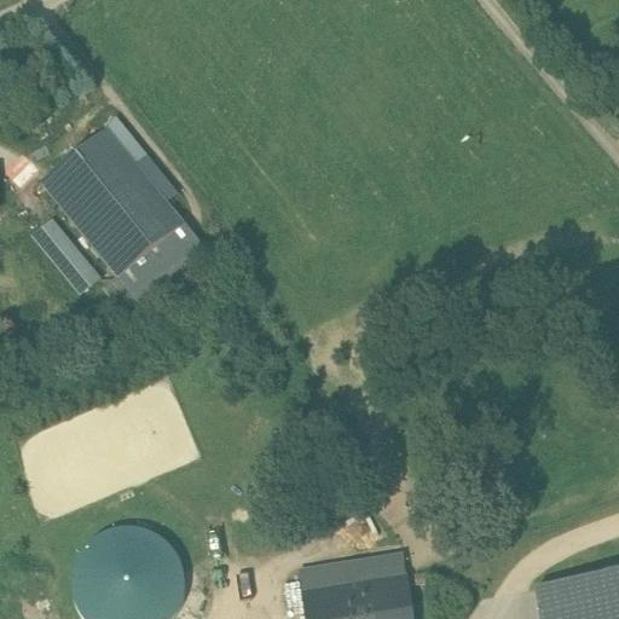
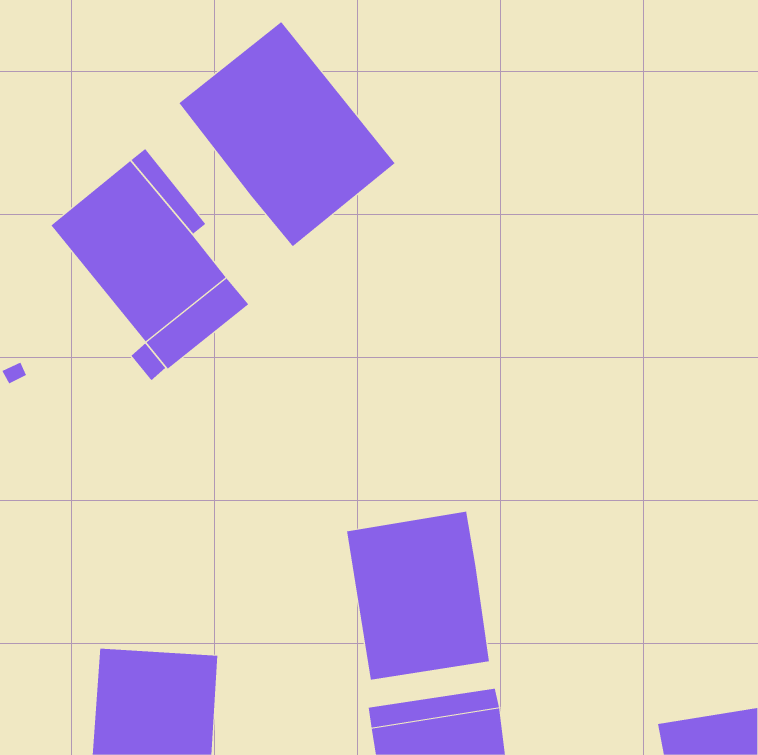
building: none -> [179,21,396,247]
building: [34,222,100,296] -> none
building: none -> [346,511,489,681]

